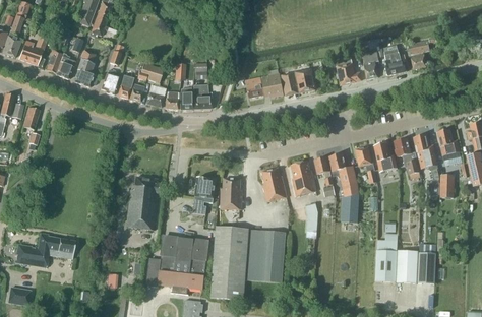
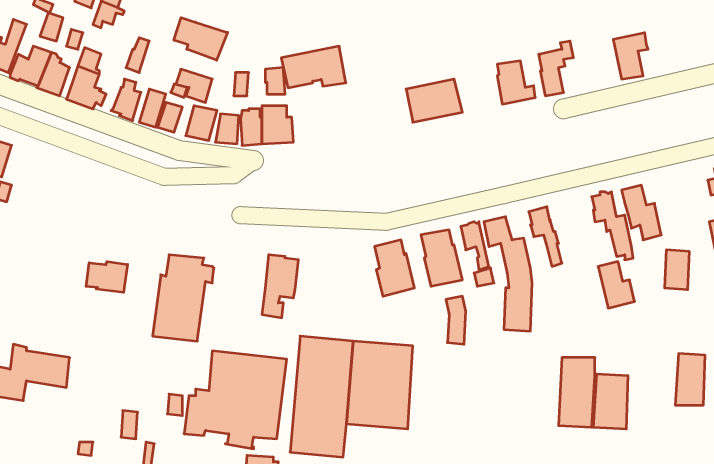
building: none -> [174,18,228,60]
building: [383,44,405,74] -> none
building: [244,72,284,98] -> [281,46,346,88]
building: [436,128,461,160] -> none
building: [374,142,397,171] -> [598,262,635,308]
building: [220,178,242,208] -> none
building: none -> [86,262,128,292]
building: [417,251,435,282] -> [675,354,705,405]

